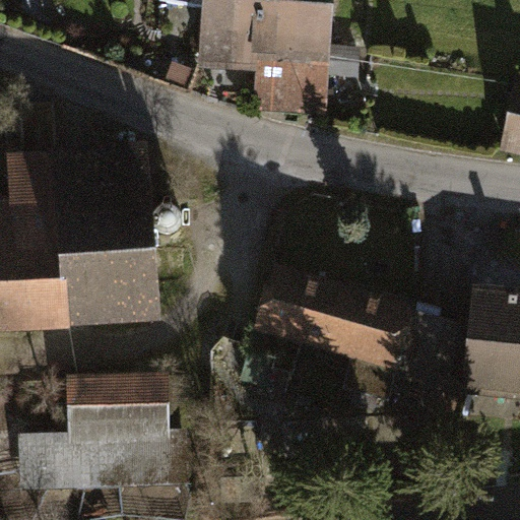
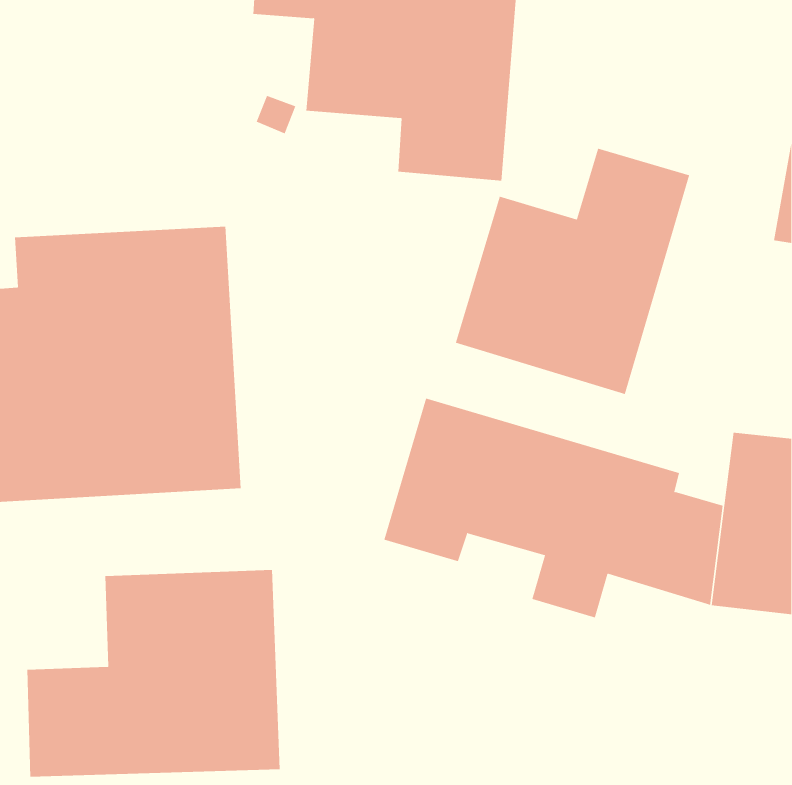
building: none -> [455,148,690,395]

